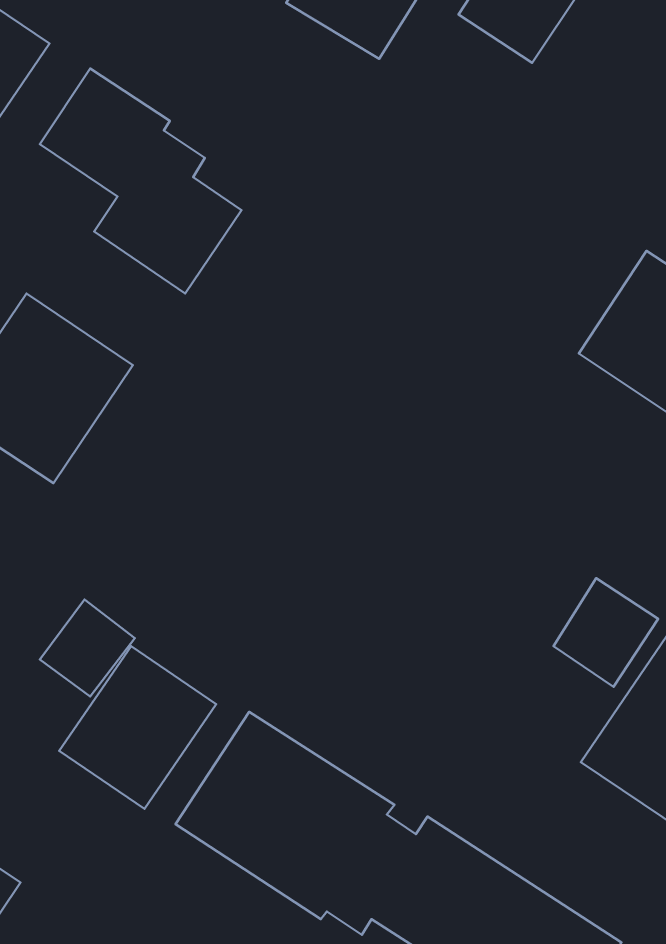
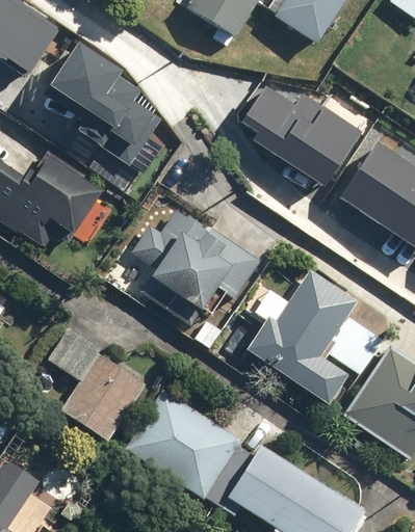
building: none -> [238,85,360,184]
building: none -> [133,204,263,312]
building: none -> [245,269,357,405]

